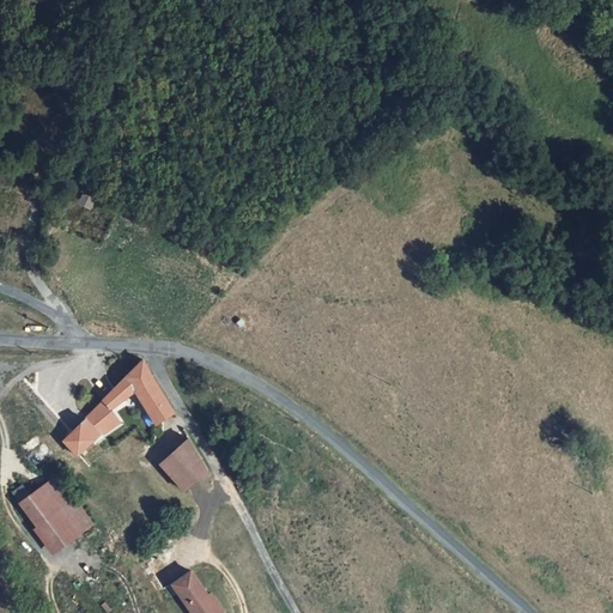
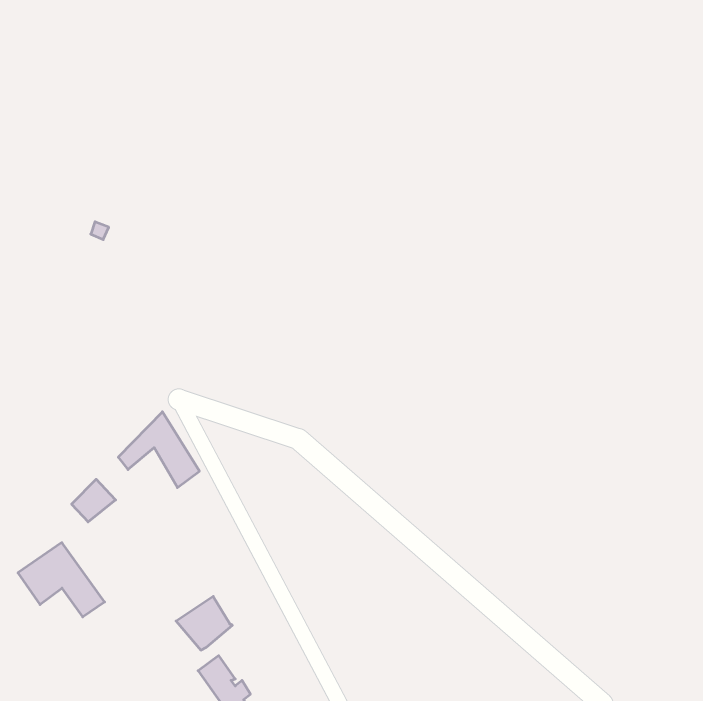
building: [84,400,119,437] -> none
building: [160,444,210,491] -> [176,596,232,650]
building: [35,514,72,552] -> none

